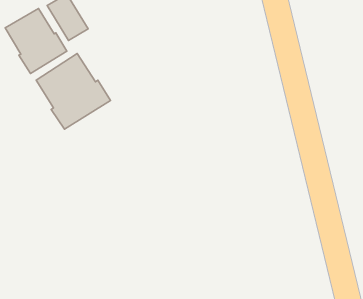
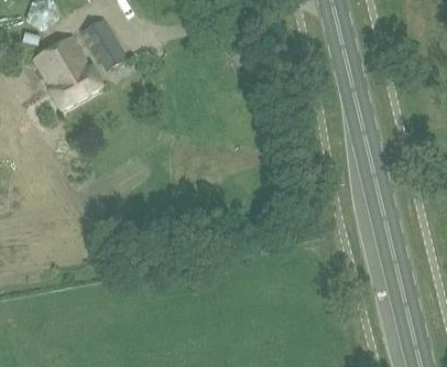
building: [36,54,110,129] -> none

